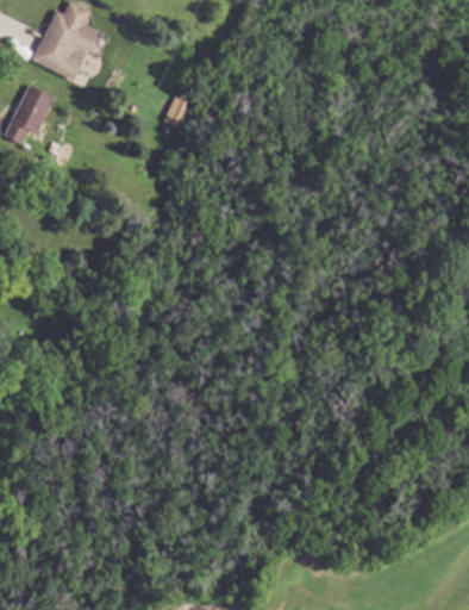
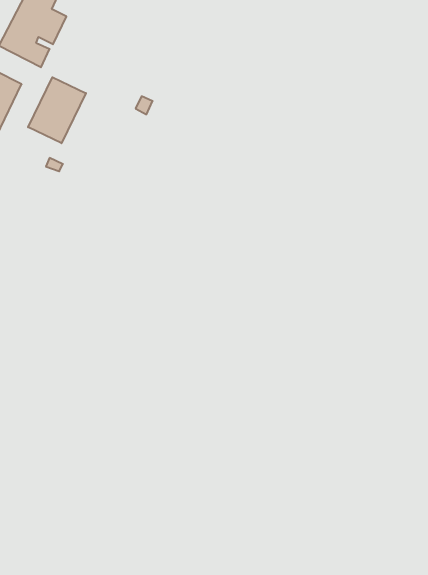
building: none -> [28,77,86,143]

